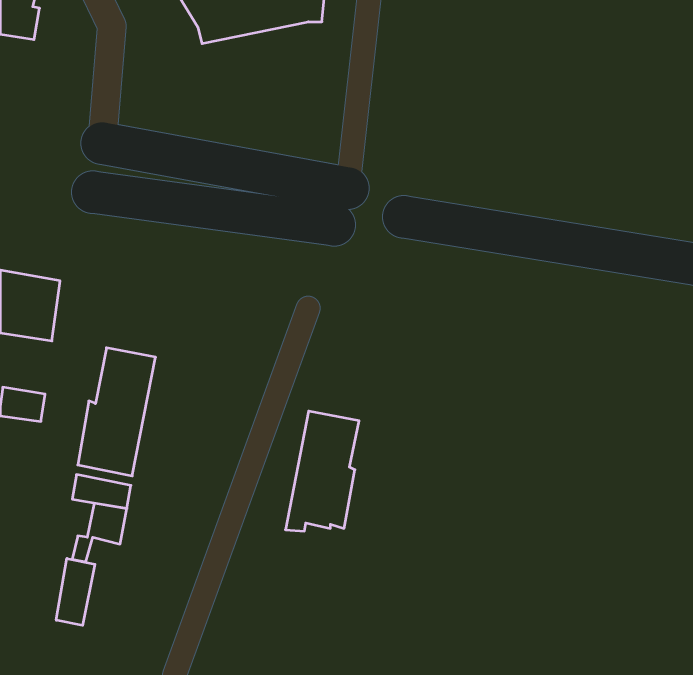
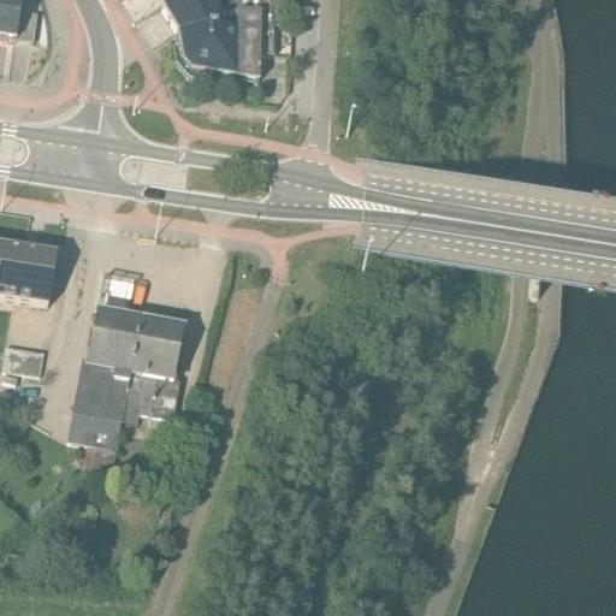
building: none -> [173,19,276,75]
building: [285,411,359,531] -> [120,315,185,421]
building: [56,558,95,625] -> none

